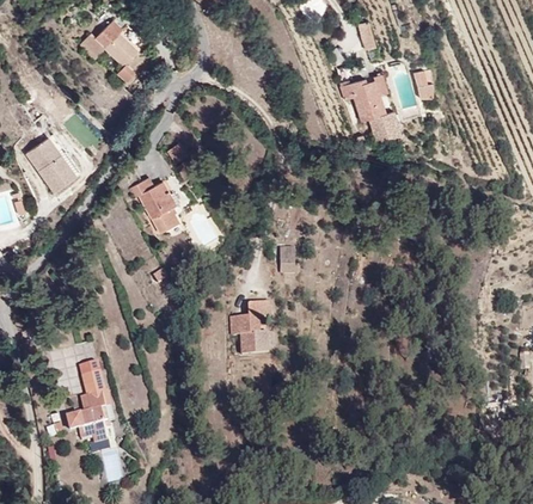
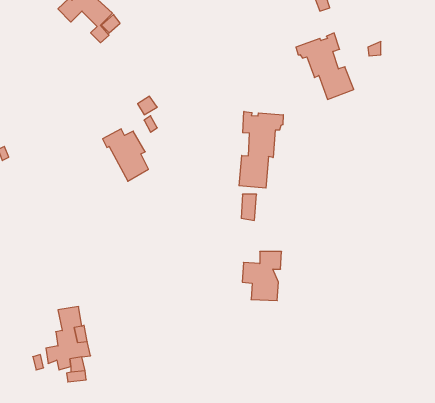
building: [25,133,78,190] -> none
building: none -> [239,111,283,188]
building: [225,302,268,356] -> [242,252,282,301]

